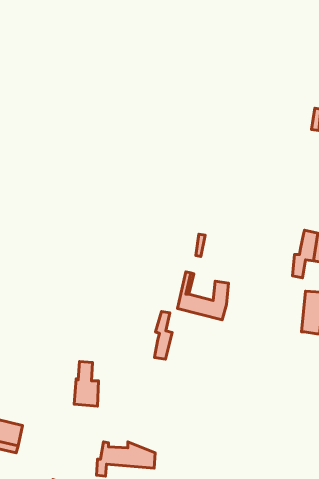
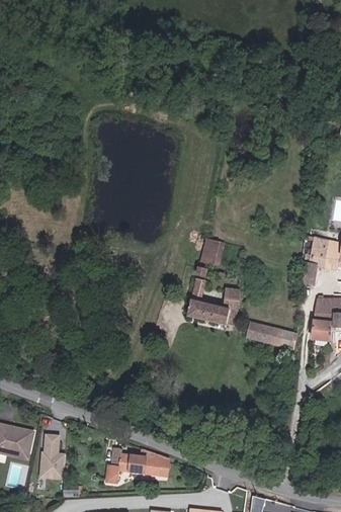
building: [155,311,172,359] -> none
building: none -> [247,322,296,348]
building: [74,362,99,406] -> [40,434,65,479]

